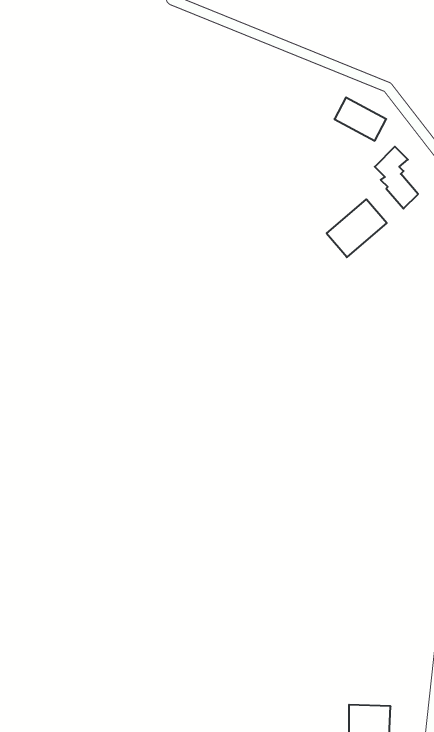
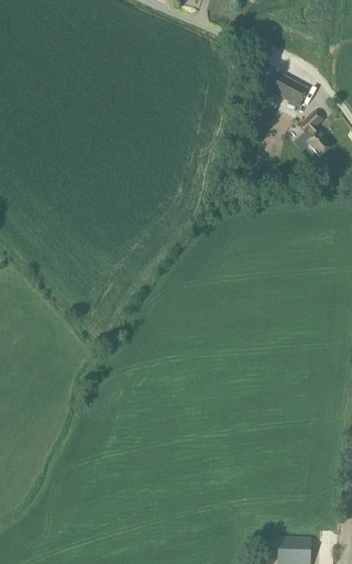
building: [327,199,387,257] -> none

